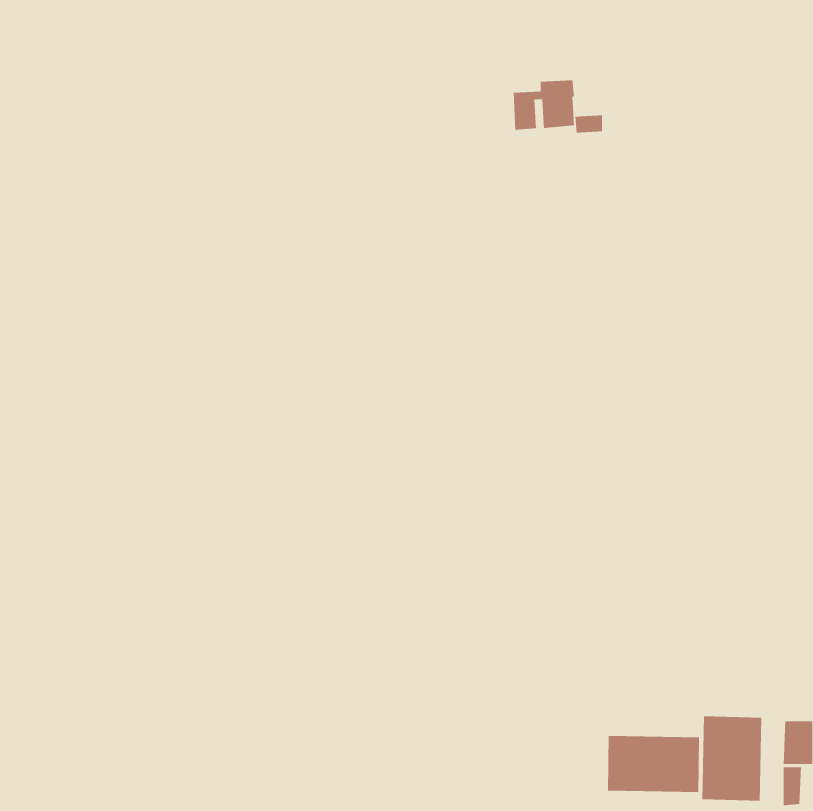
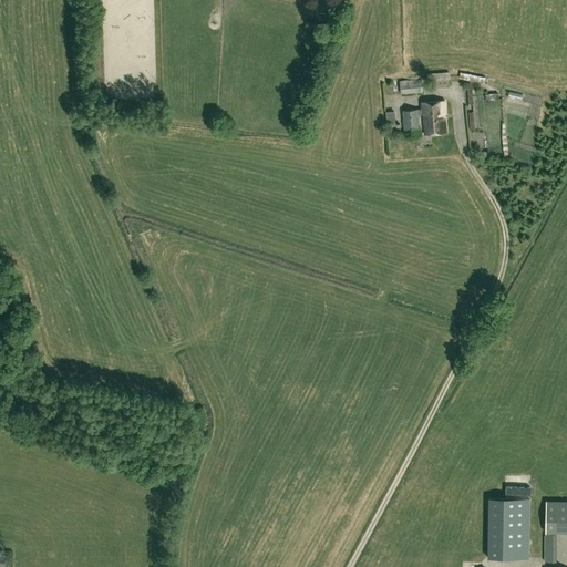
building: [513,80,575,130] -> [403,101,446,136]
building: [607,735,700,793] -> none

